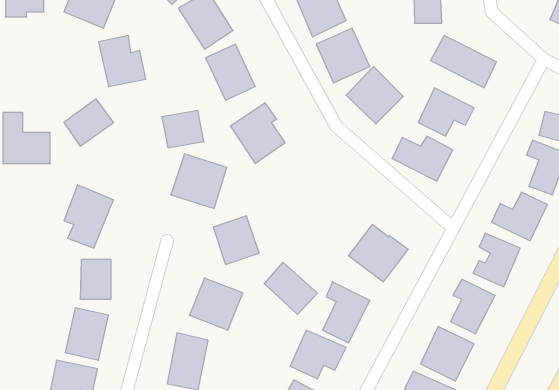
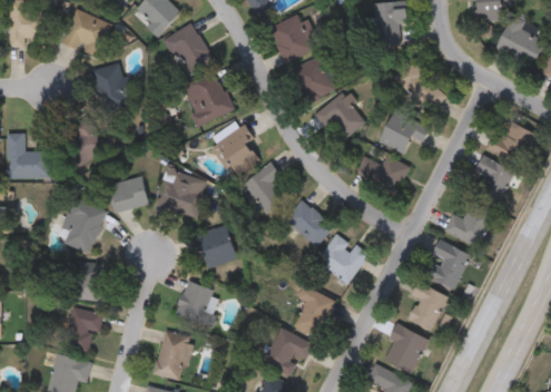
building: [162,111,204,148] -> [109,177,147,210]
building: none -> [243,161,286,214]
building: [264,262,318,314] -> [285,199,333,246]

